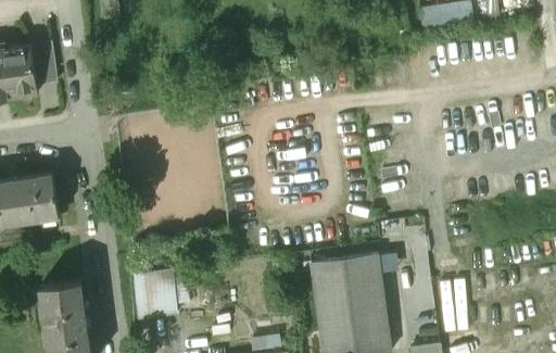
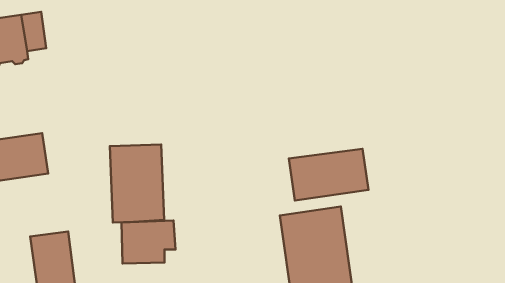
building: none -> [110,144,164,222]
building: none -> [289,149,368,200]

